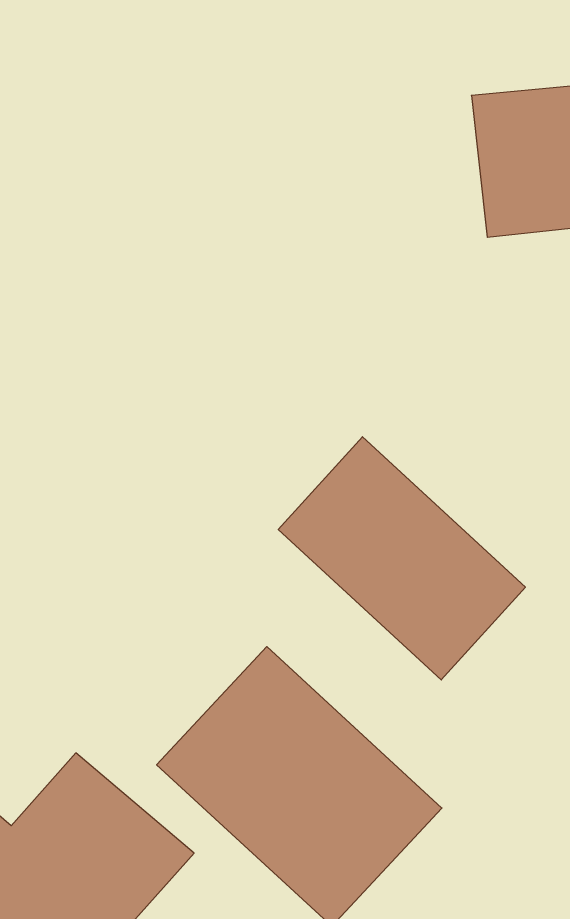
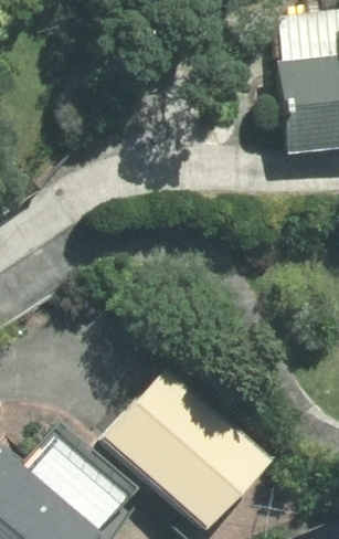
building: [278,437,525,680] -> none

